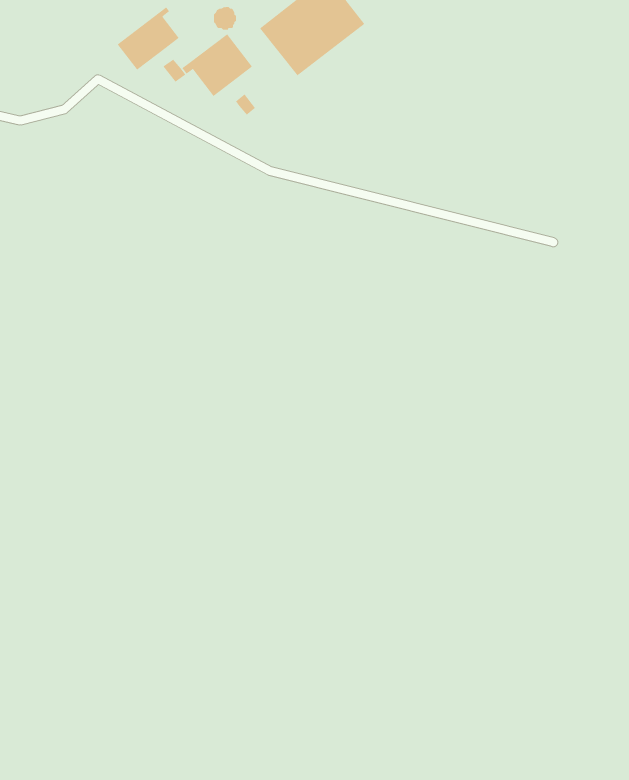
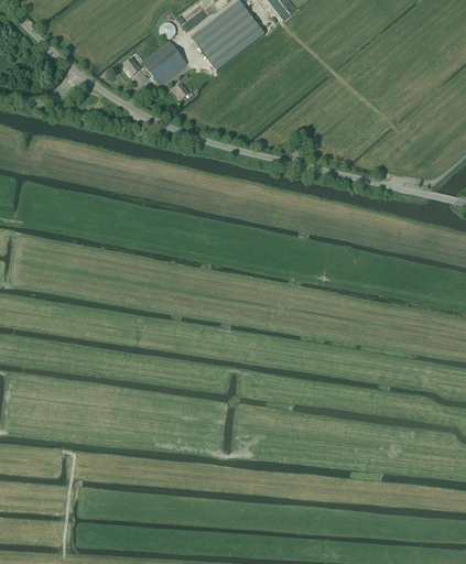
building: [117,7,180,71] -> none

